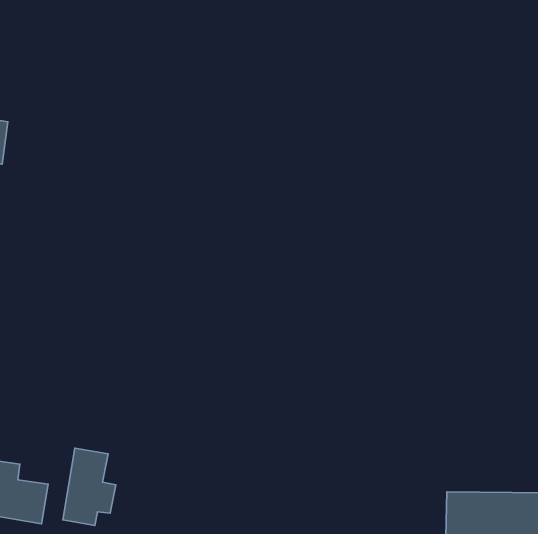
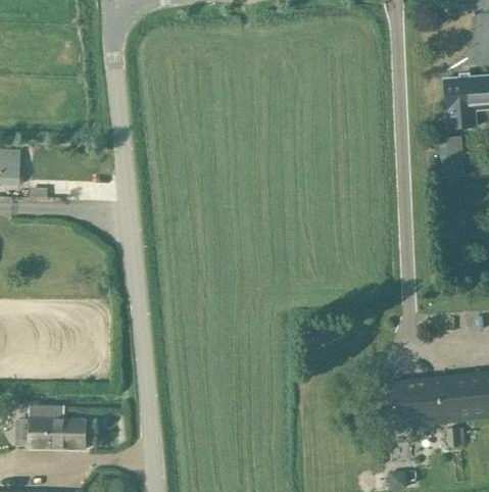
building: [63,448,116,525] -> none

